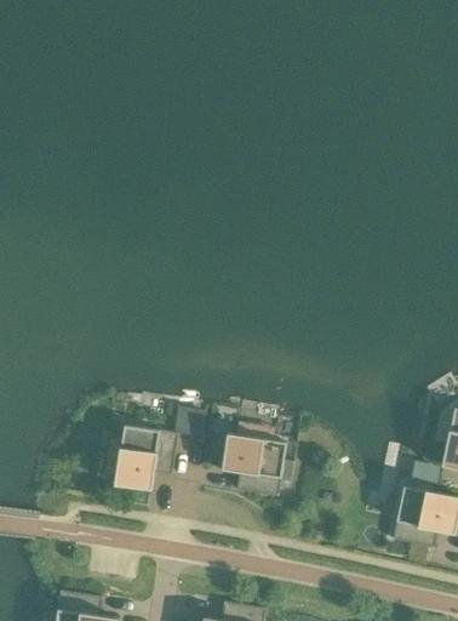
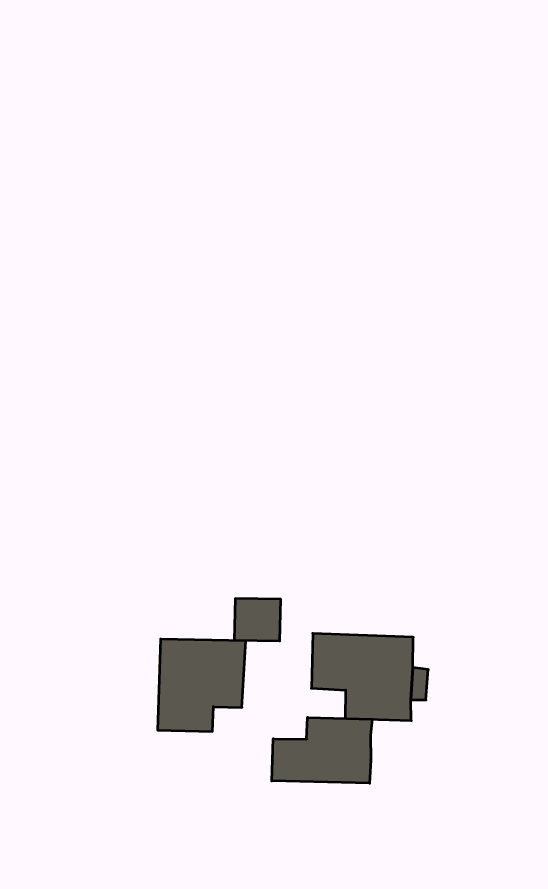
building: none -> [272,717,372,783]

